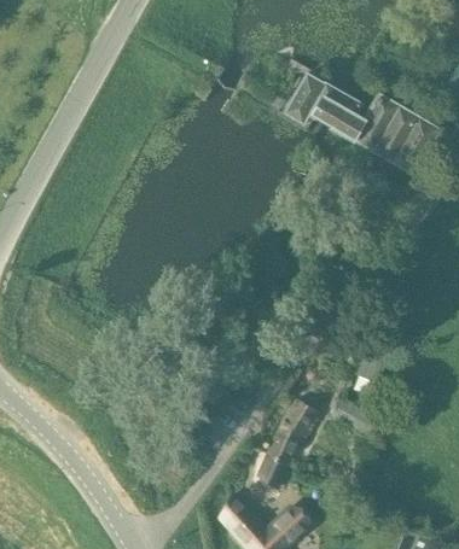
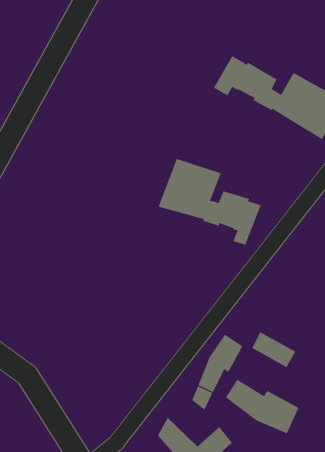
building: none -> [158,158,261,246]
building: none -> [225,379,299,434]

